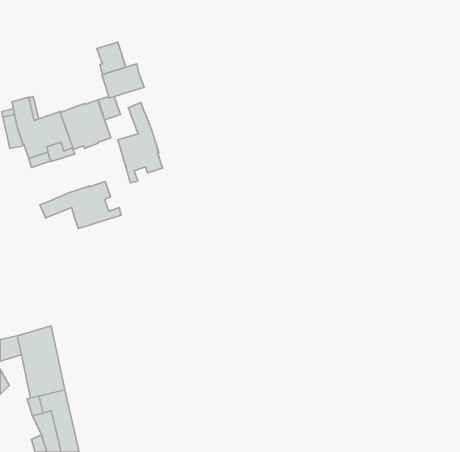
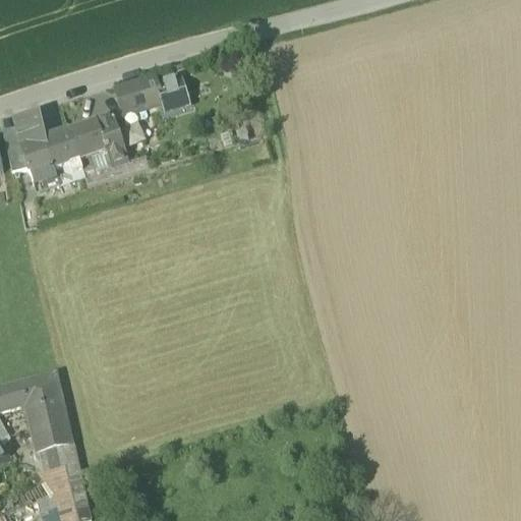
building: [97,42,126,75] -> [157,74,189,111]
building: [118,103,163,183] -> none
building: [40,182,121,229] -> none

